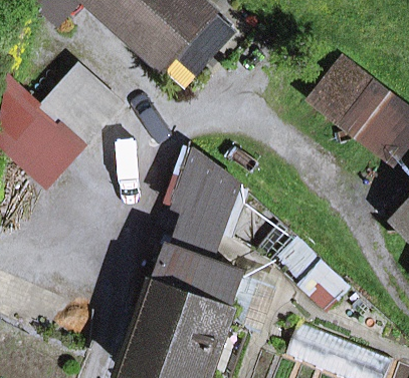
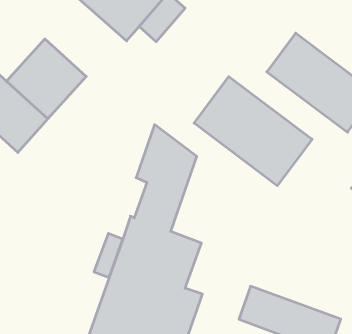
building: none -> [194,77,312,186]

